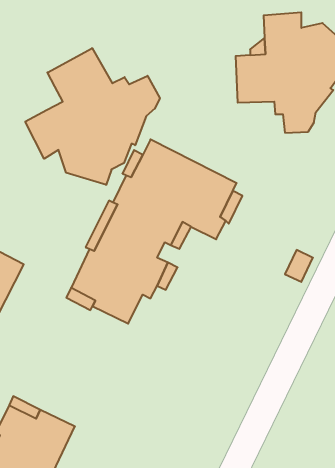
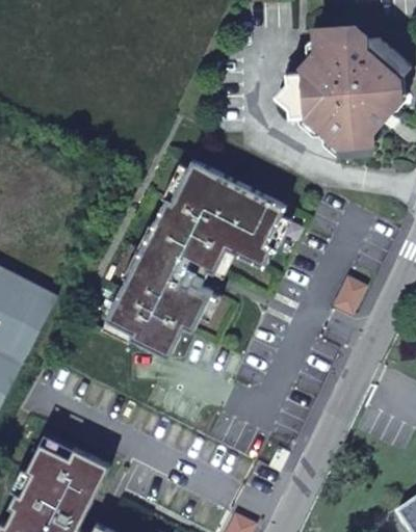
building: [25,48,160,185] -> none

